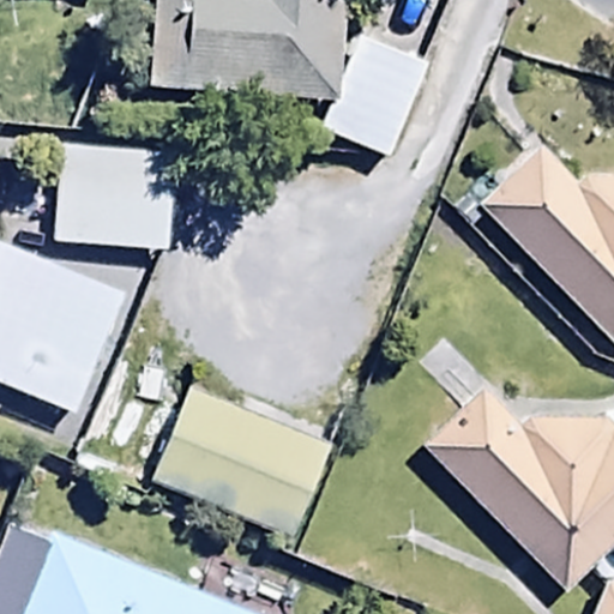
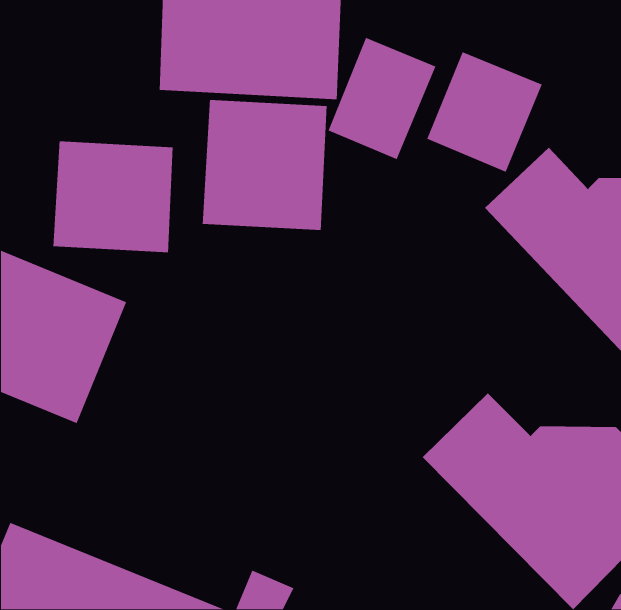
building: none -> [426,51,543,173]
building: none -> [202,99,328,231]
building: [152,374,342,546] -> none

